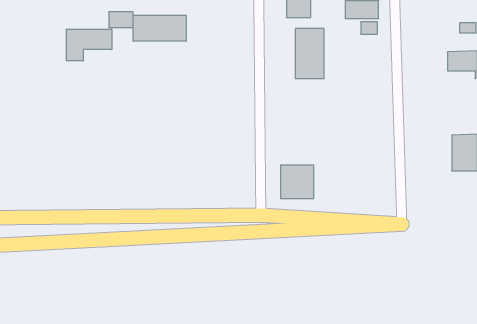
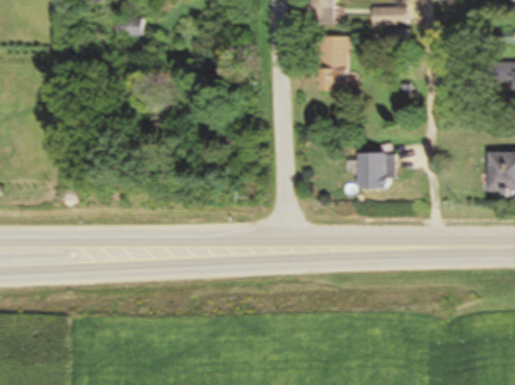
building: [133,15,186,41] -> none
building: [67,29,112,61] -> none
building: [280,165,314,198] -> [357,152,393,188]

